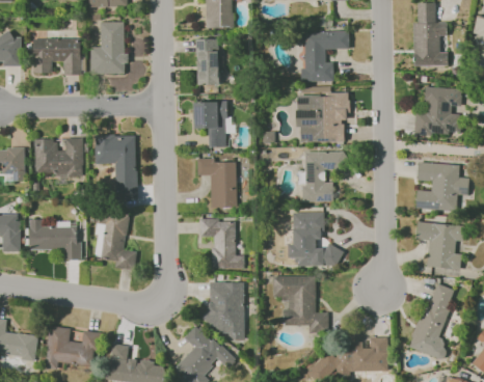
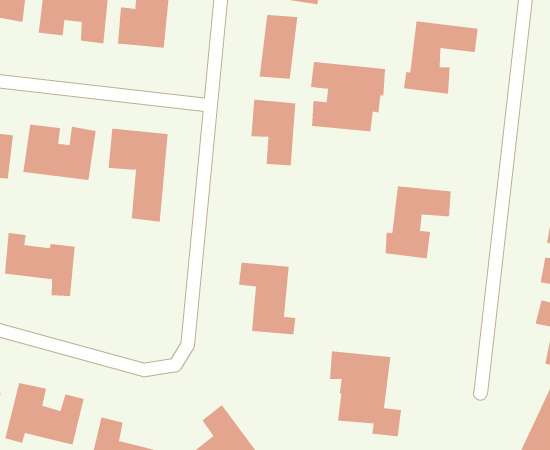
building: [296,93,350,141] -> [310,61,386,132]
building: [196,160,237,208] -> none
building: [97,211,136,269] -> none
building: [287,212,341,266] -> none
building: [206,281,244,332] -> none

